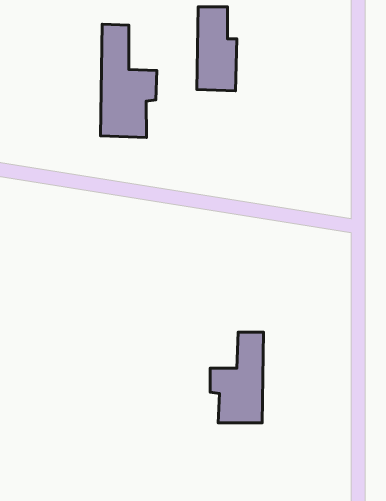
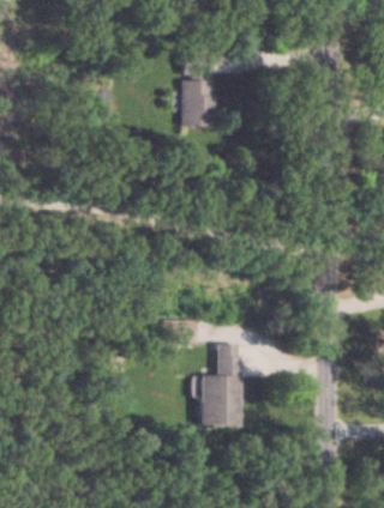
building: [100,24,157,137] -> none

